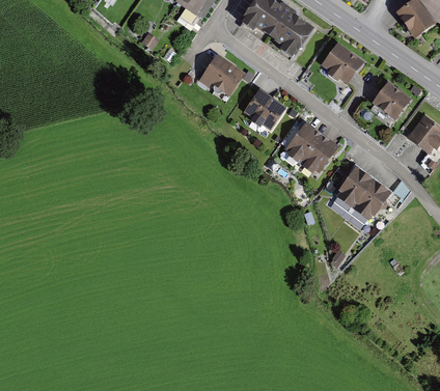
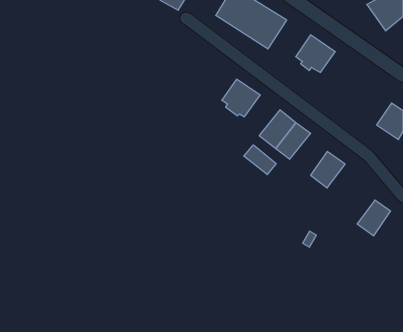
building: [198,52,245,95] -> none
building: [370,82,410,120] -> none
building: none -> [244,145,276,175]
building: [355,178,390,216] -> [357,200,391,236]

